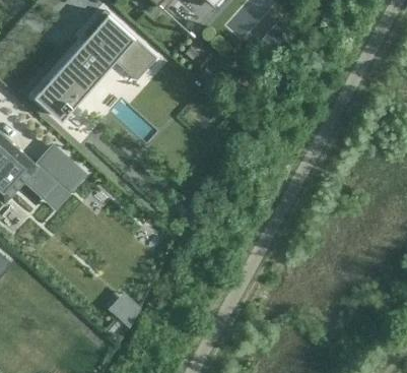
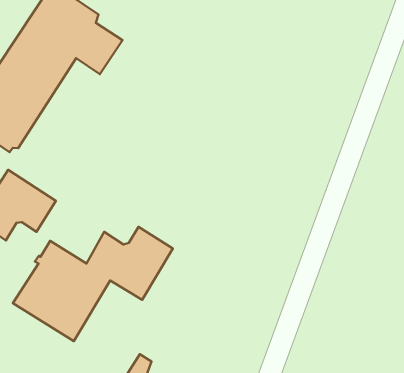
building: none -> [13,227,173,341]

